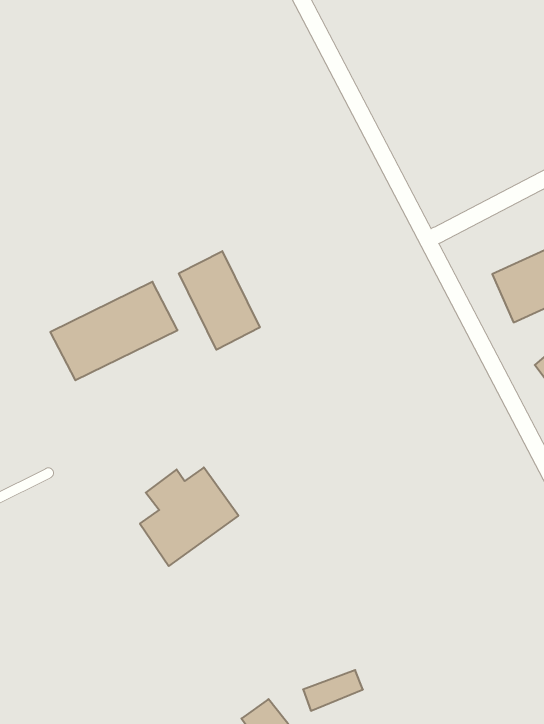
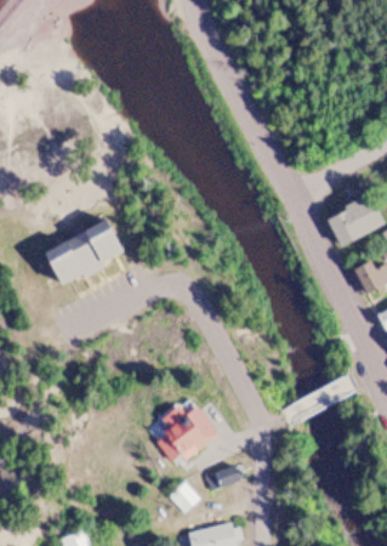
building: [179,251,260,350] -> none
building: [140,467,238,566] -> [160,405,222,467]

